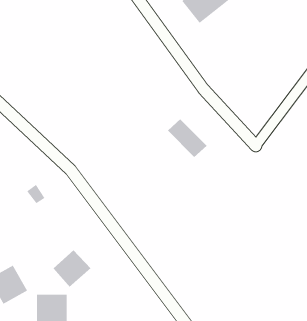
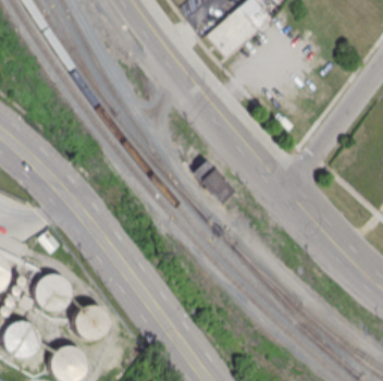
building: none -> [32,272,72,312]

